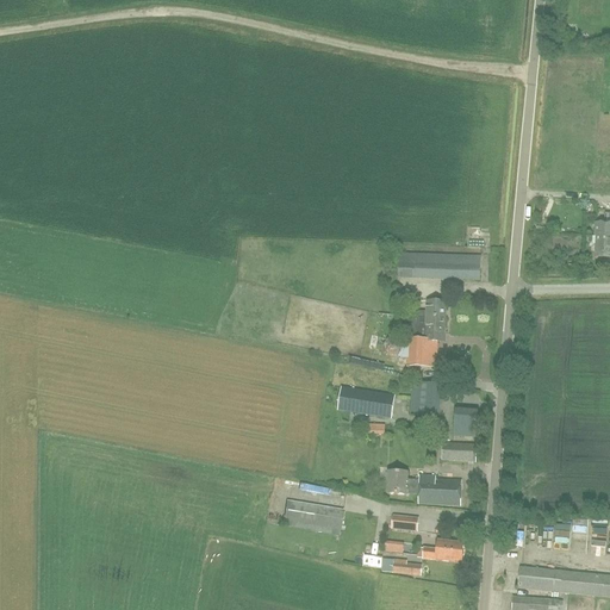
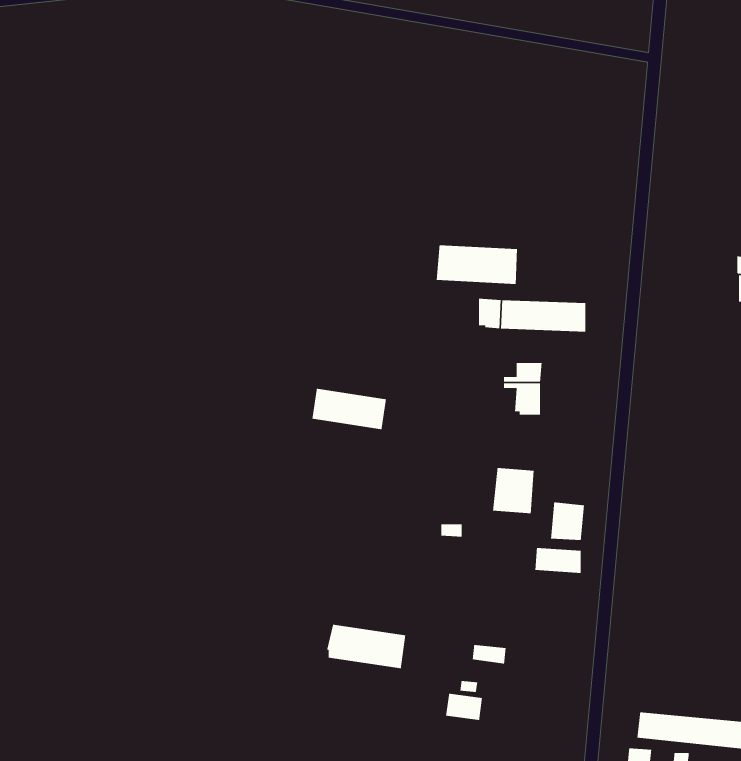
building: none -> [436,244,518,285]
building: [407,338,429,366] -> none
building: [337,385,394,417] -> [312,388,387,430]
building: [387,472,461,505] -> none
building: [423,539,465,561] -> none

